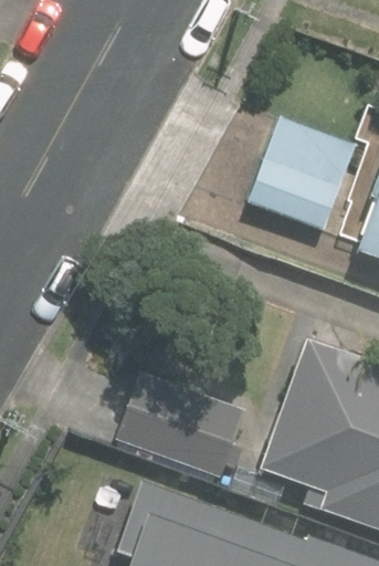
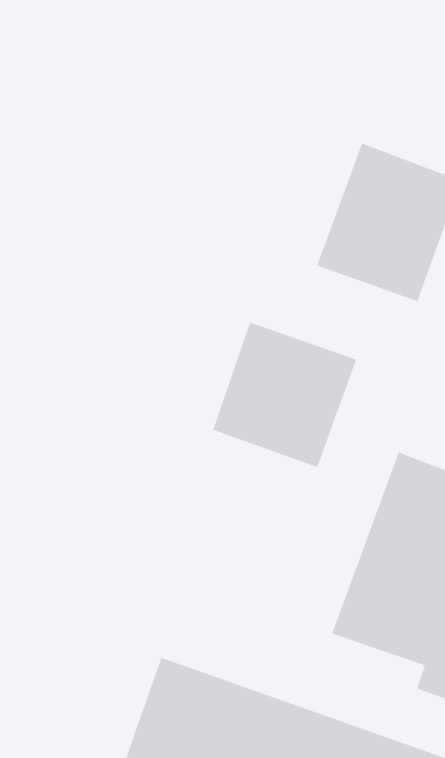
building: none -> [212,322,357,468]
building: [116,367,249,478] -> none

